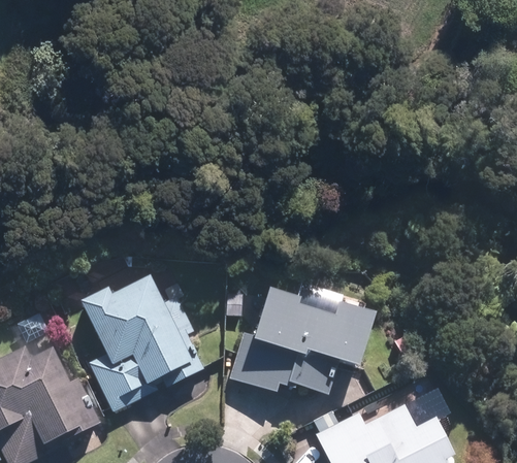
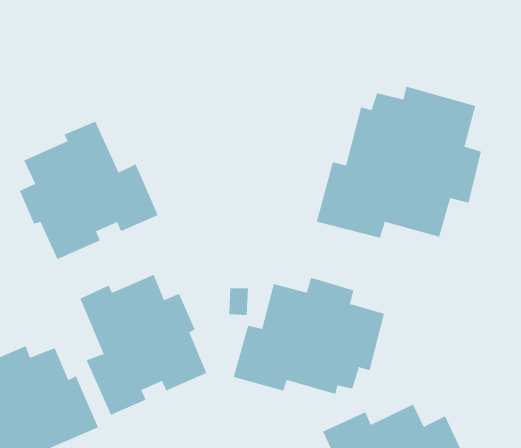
building: none -> [316,86,482,238]
building: none -> [19,121,159,260]

